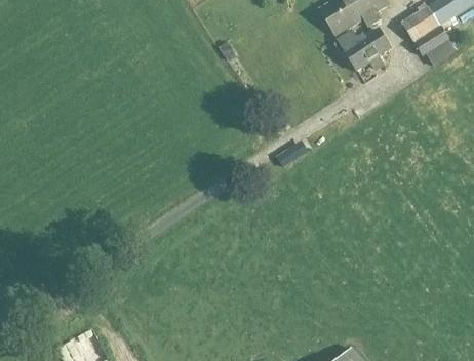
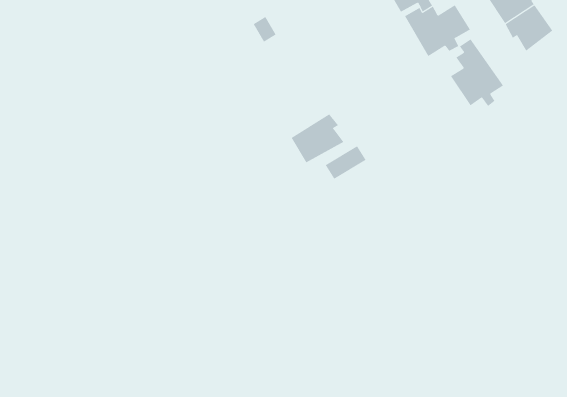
building: none -> [450,38,504,107]
building: none -> [291,113,344,163]

